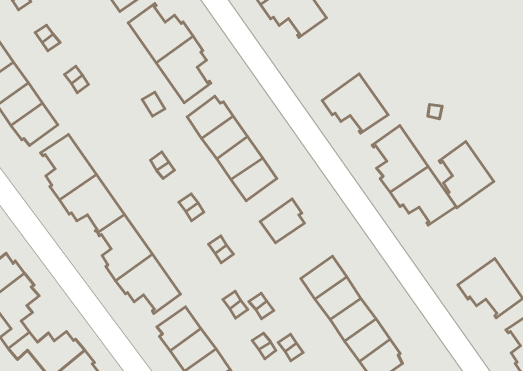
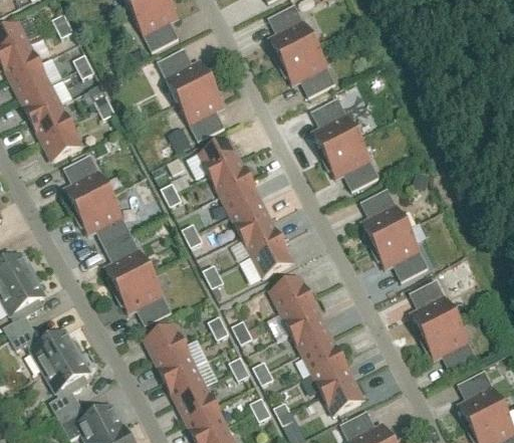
building: none -> [311,97,357,156]
building: [439,141,494,208] -> [410,279,456,338]
building: none -> [241,220,282,256]
building: none -> [269,277,311,312]

